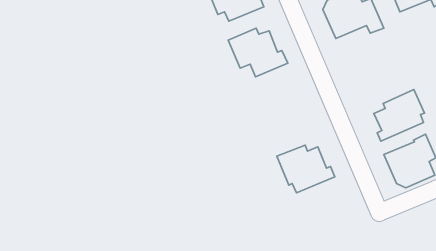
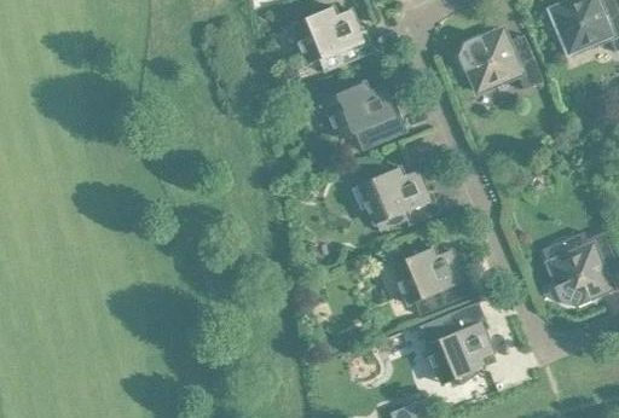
building: none -> [359,164,440,230]
building: [374,89,424,141] -> none
building: none -> [418,300,492,383]

